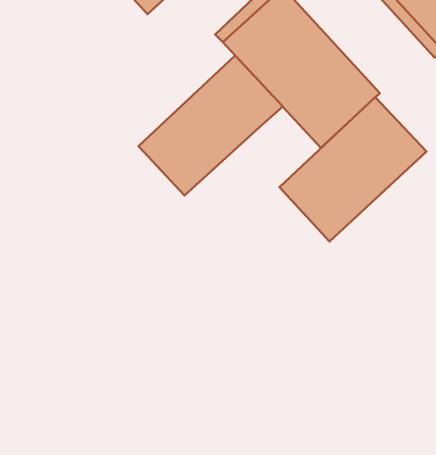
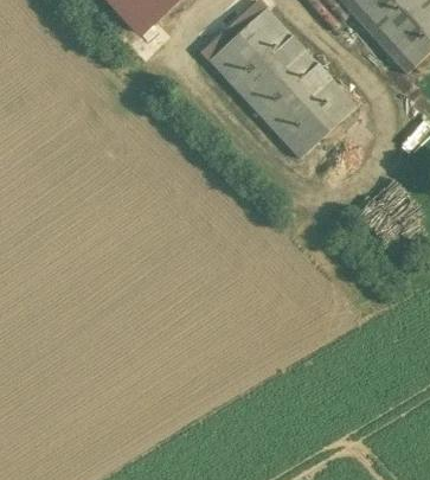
building: [138,56,283,196] -> none
building: [279,97,426,241] -> none

